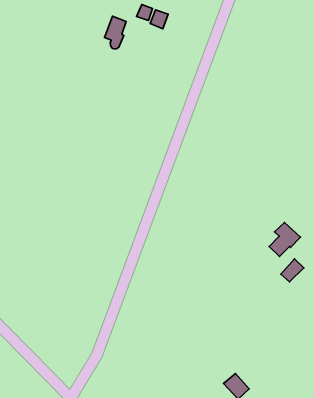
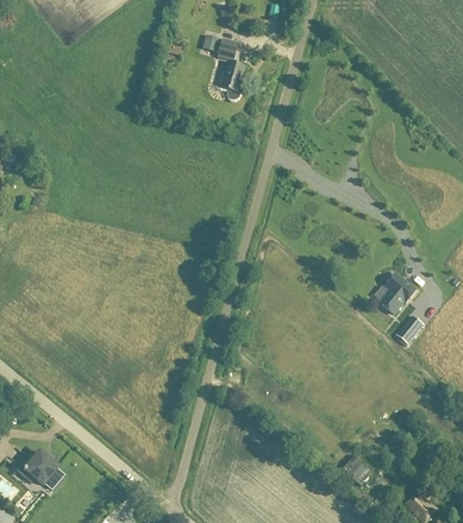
building: [104,16,126,49] -> [219,61,243,99]

